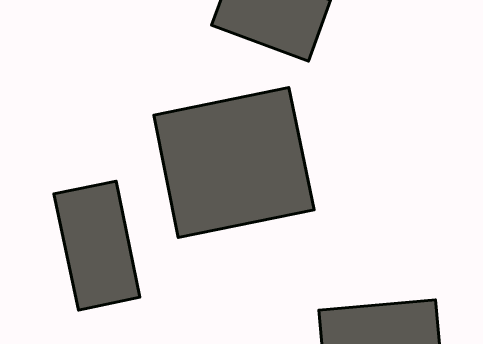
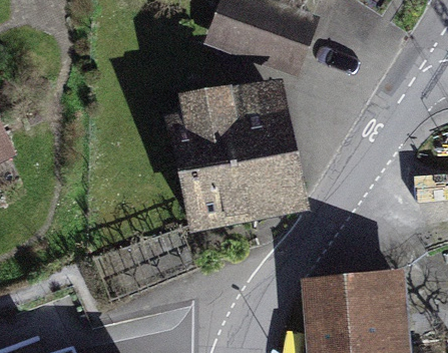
building: [54,181,140,310] -> none

